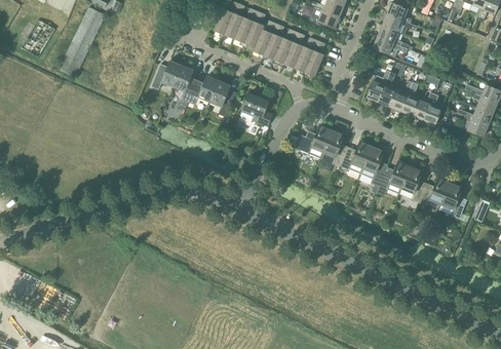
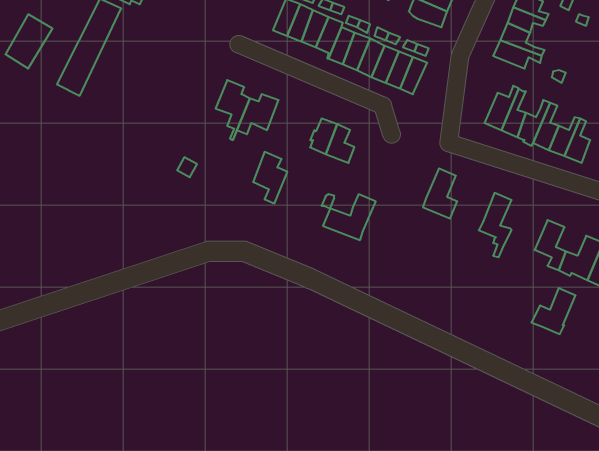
building: [152,61,182,89] -> none
building: [210,80,235,117] -> [253,152,287,203]
building: [296,124,334,157] -> [323,194,376,240]
building: [340,142,374,173] -> none
building: [380,161,412,194] -> [531,288,576,334]

